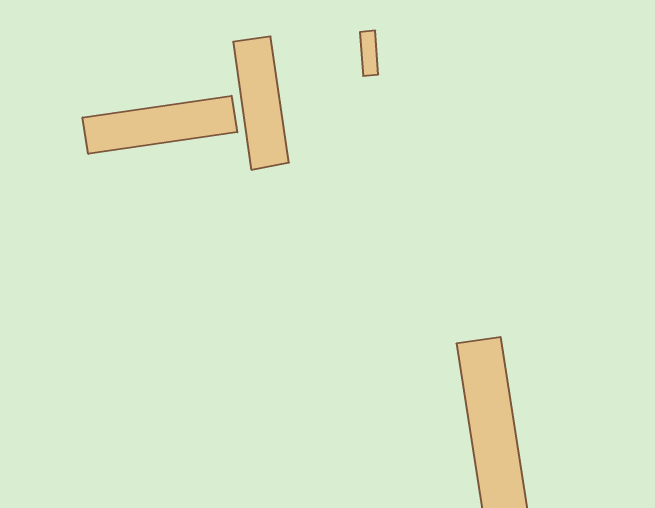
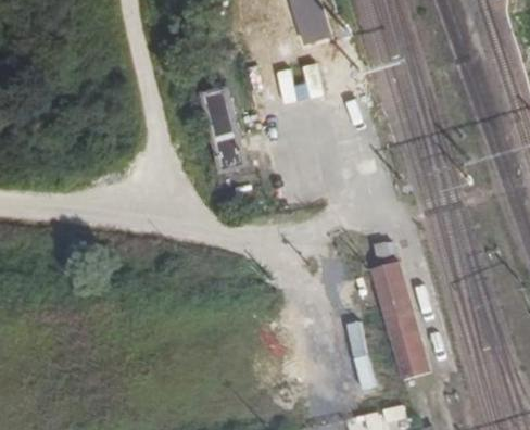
building: [83,96,237,154] -> none

